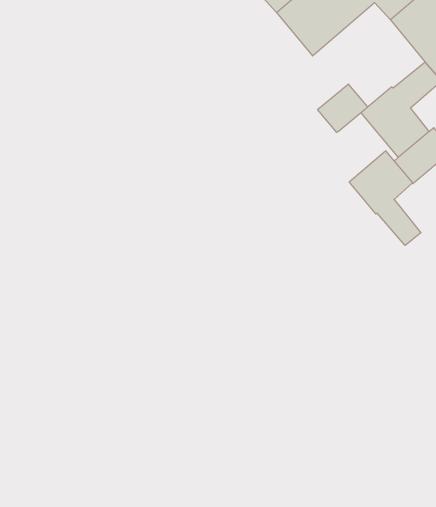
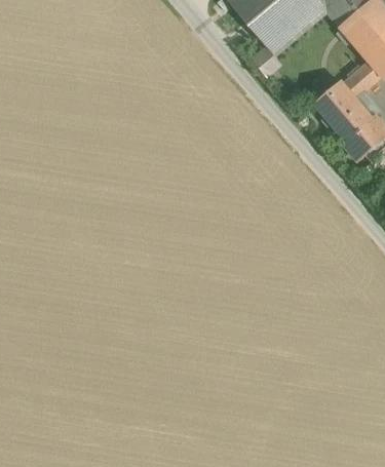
building: [318,84,368,132] -> none
building: [349,151,421,245] -> none

